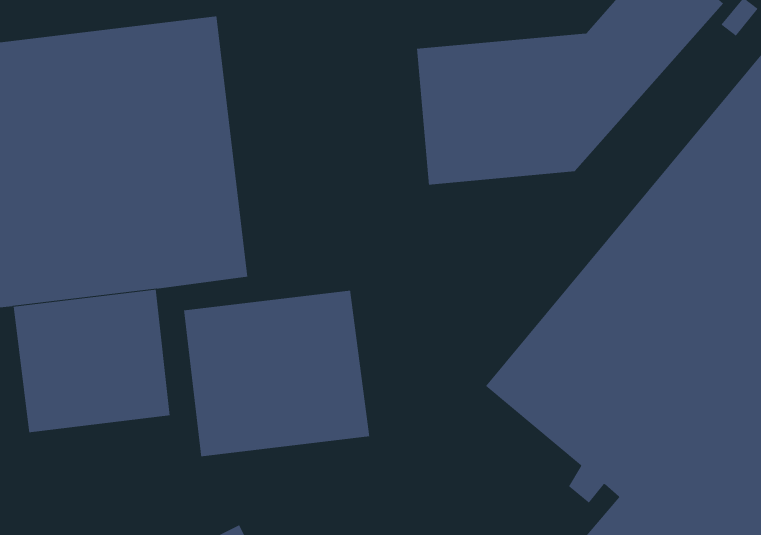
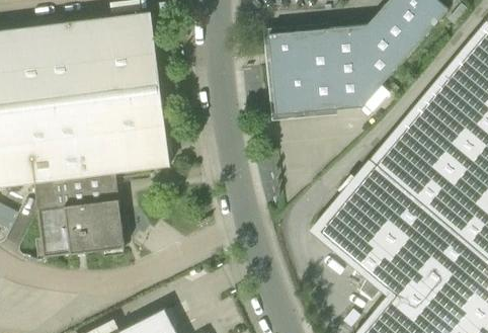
building: [184,290,370,457] -> none

